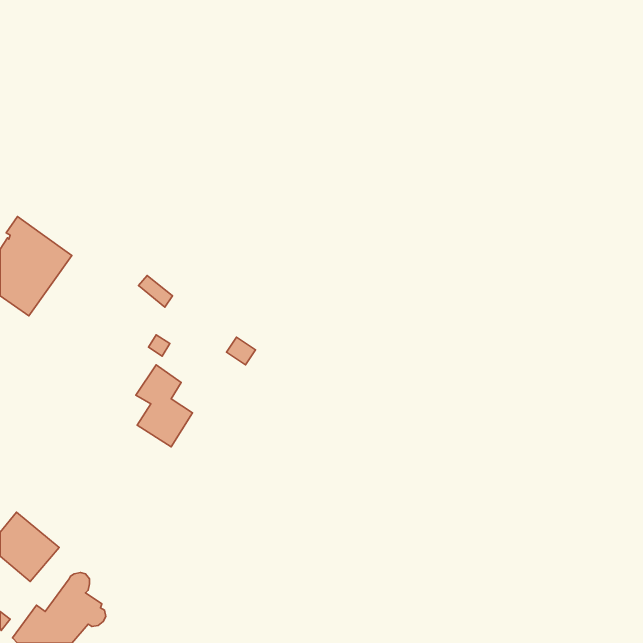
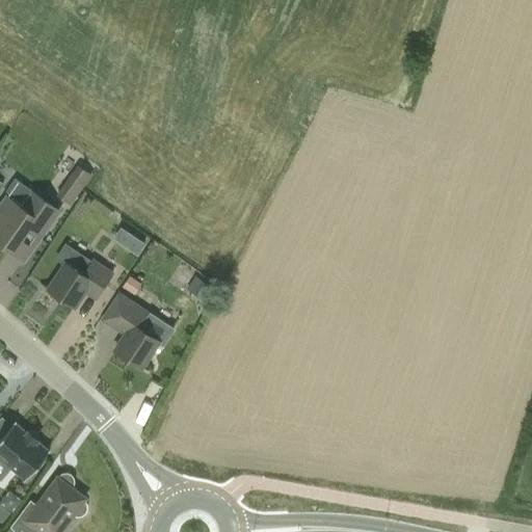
building: none -> [56,165,92,206]
building: none -> [47,242,112,308]

